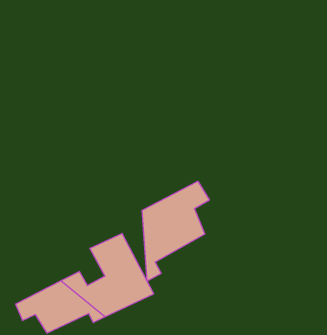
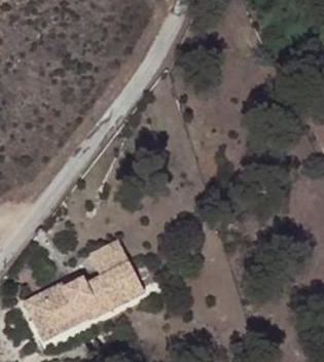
building: [142,181,209,281] -> none

